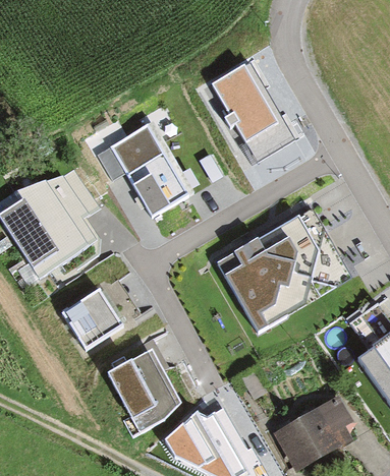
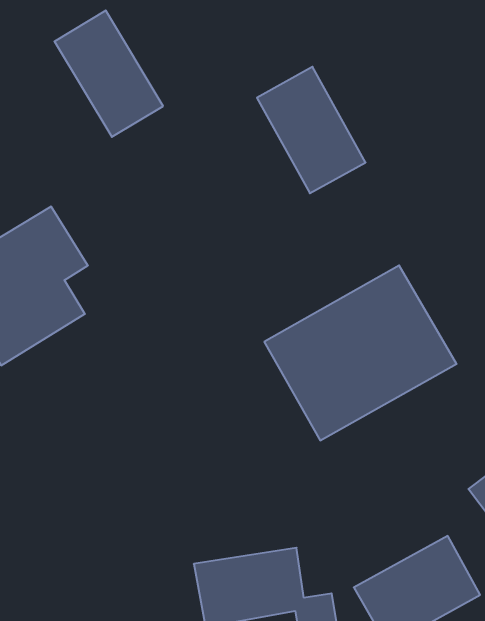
building: [111,127,186,215] -> [54,10,163,137]
building: [58,287,123,351] -> none
building: [110,354,174,426] -> none

